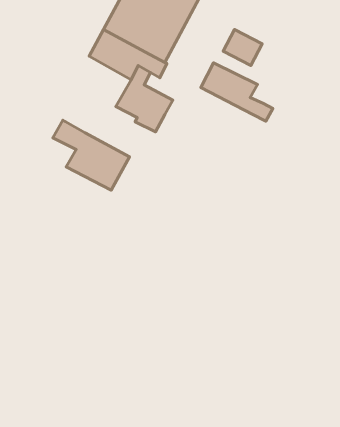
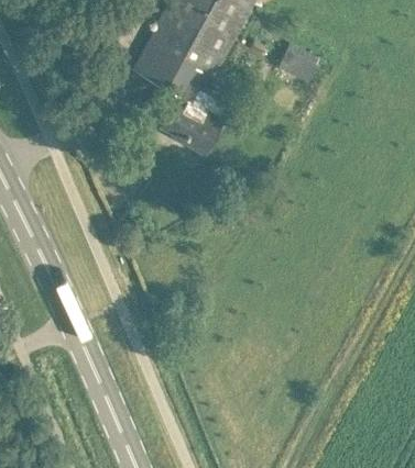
building: [201,63,273,121] -> none
building: [53,120,129,190] -> none

